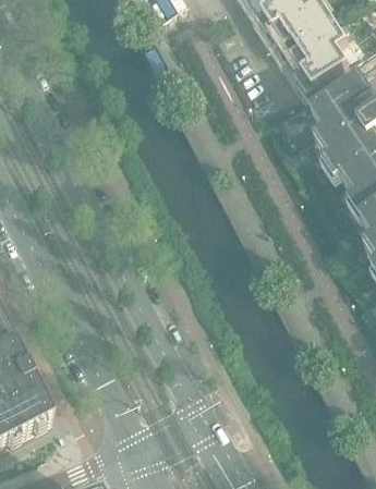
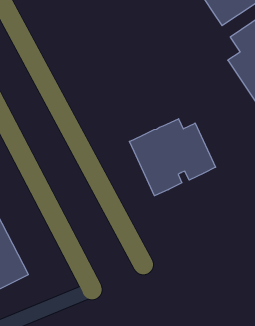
building: none -> [129,119,216,196]

